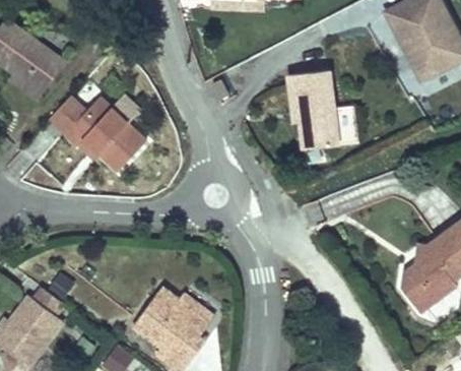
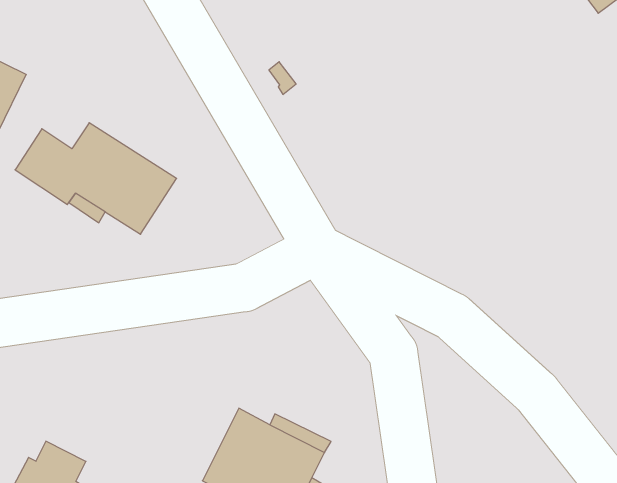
building: [285,66,358,146] -> none

